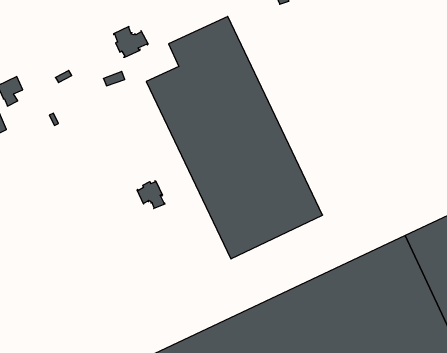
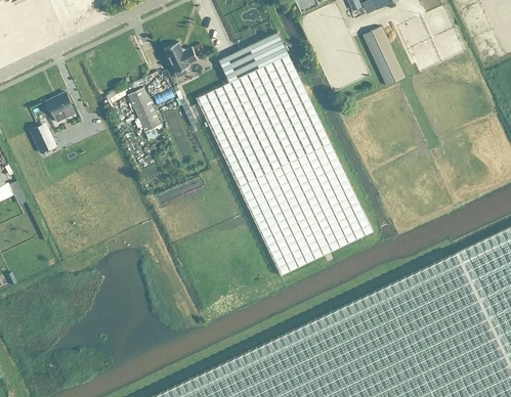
building: none -> [363,28,404,87]
building: none -> [127,88,161,137]
building: [137,181,165,209] -> none

